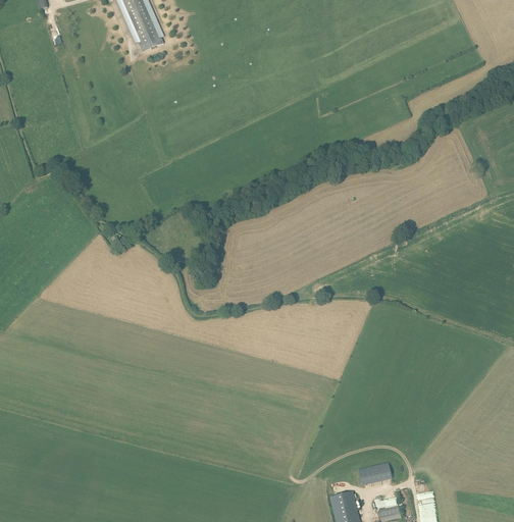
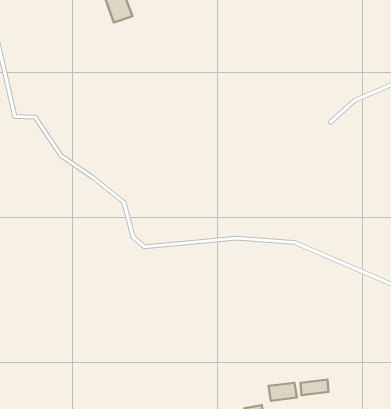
building: none -> [300,379,329,395]

